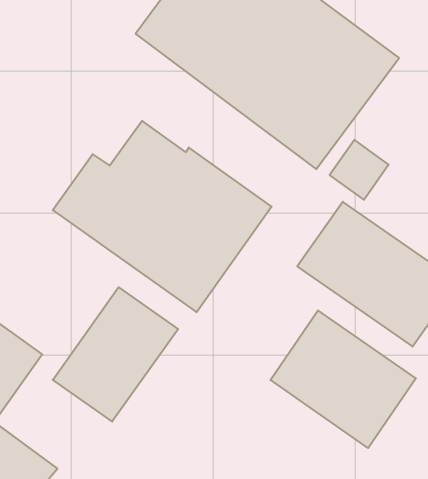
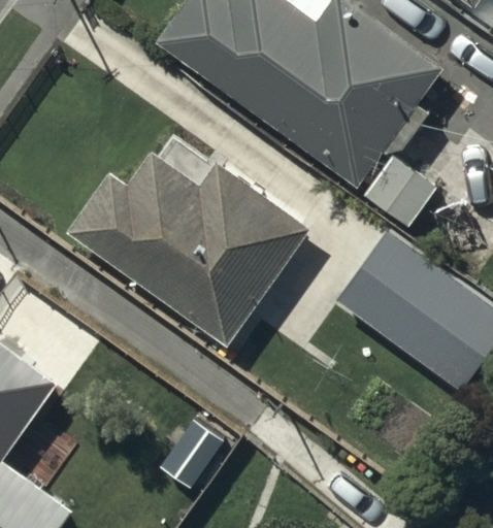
building: [53,287,178,422] -> none
building: [270,310,416,448] -> none

